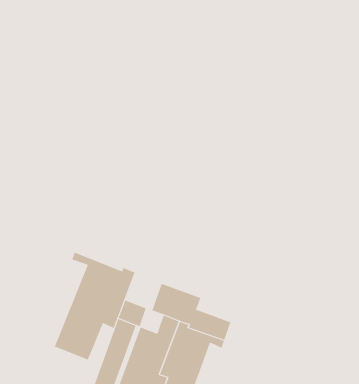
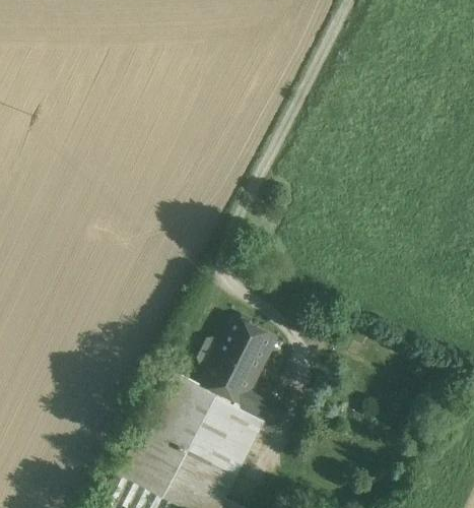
building: none -> [214,318,275,376]
building: [54,252,135,360] -> none

